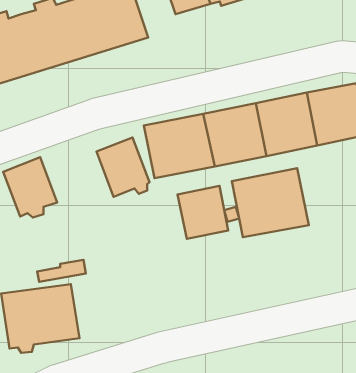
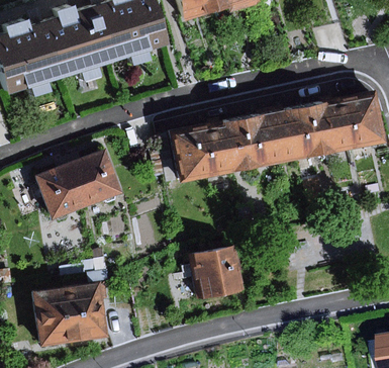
building: [97,138,149,197] -> [64,147,114,203]
building: [232,168,309,237] -> none
building: [177,186,228,239] -> [186,246,234,296]

